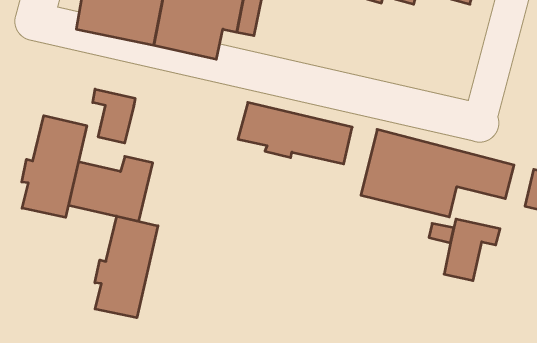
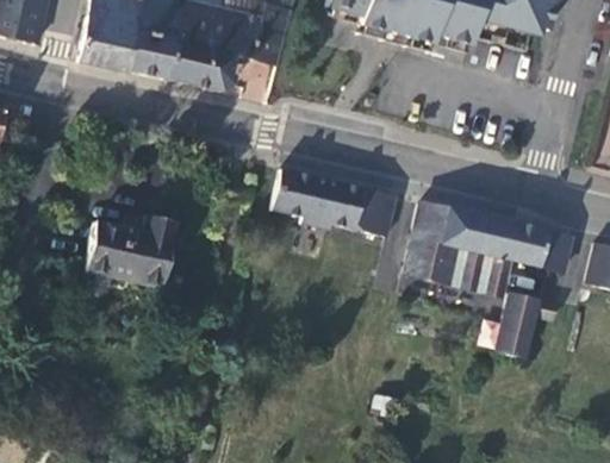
building: [93,89,135,143] -> none
building: [22,116,87,217] -> none
building: [95,216,158,318] -> none

